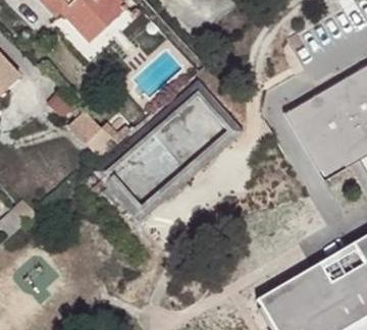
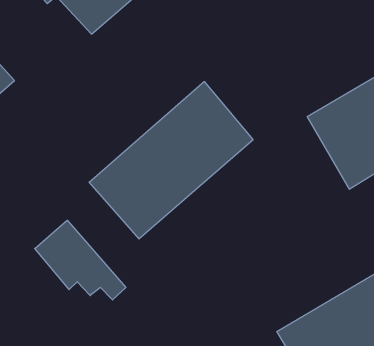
building: none -> [35,220,126,300]

